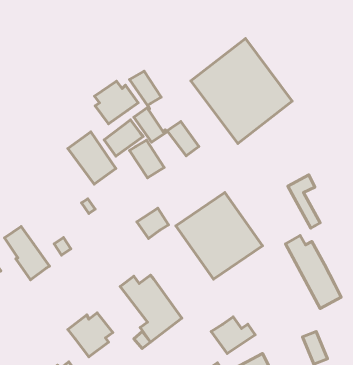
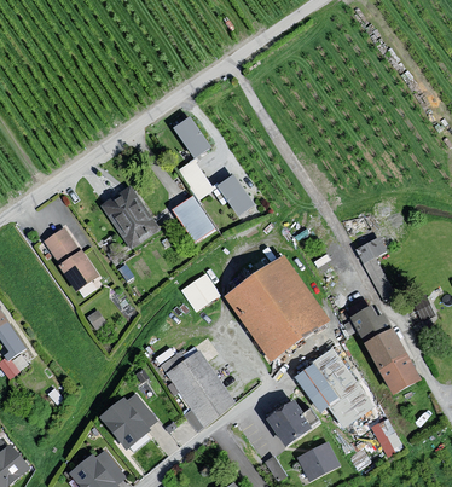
building: [191,38,292,143] -> none
building: [95,81,138,124] -> none
building: [104,120,143,156] -> none
building: [4,226,49,280] -> [45,227,97,289]
building: none -> [296,350,371,424]

